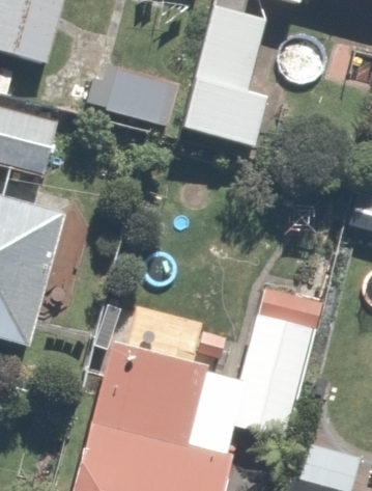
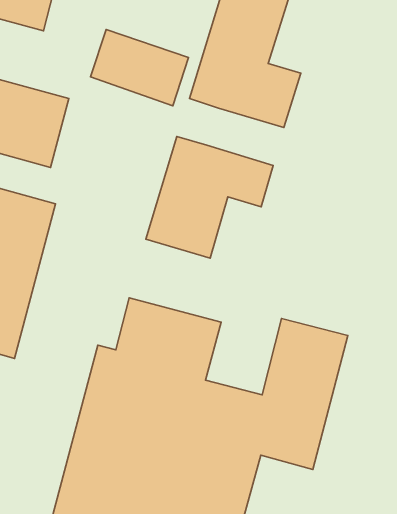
building: none -> [146,137,273,258]

